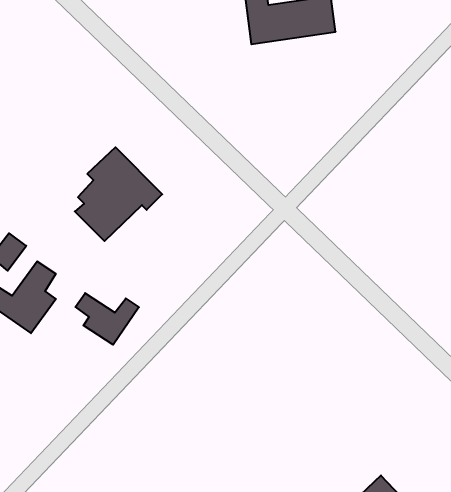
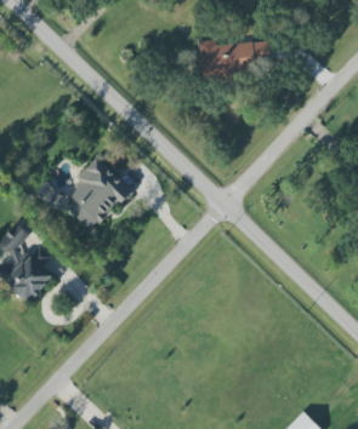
building: [75,293,139,345] -> none

